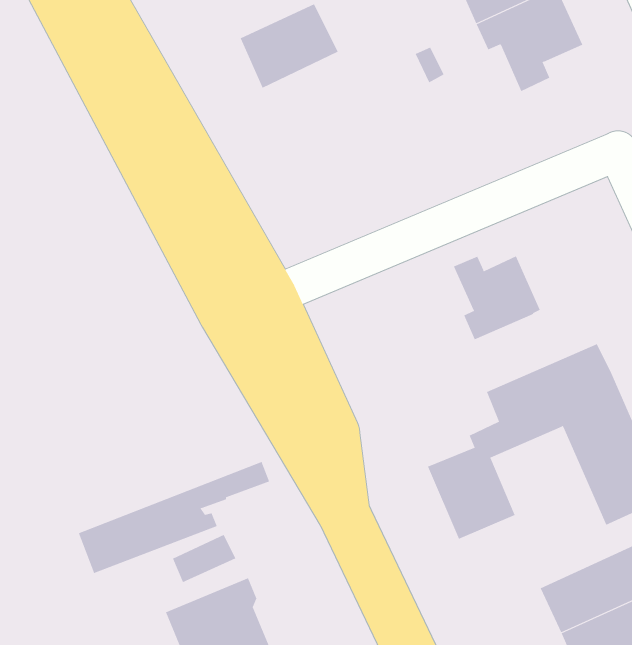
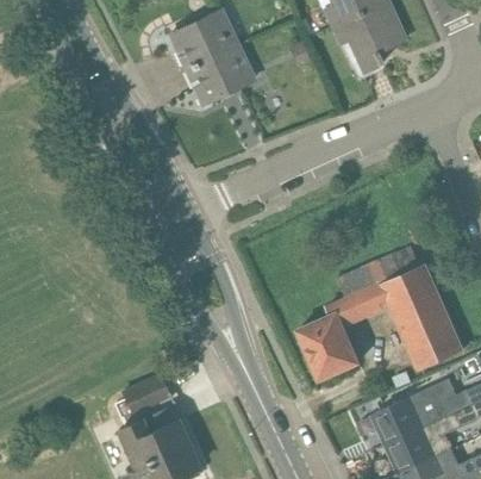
building: none -> [185,45,254,105]
building: [453,256,540,340] -> none
building: [78,461,270,574] -> none

